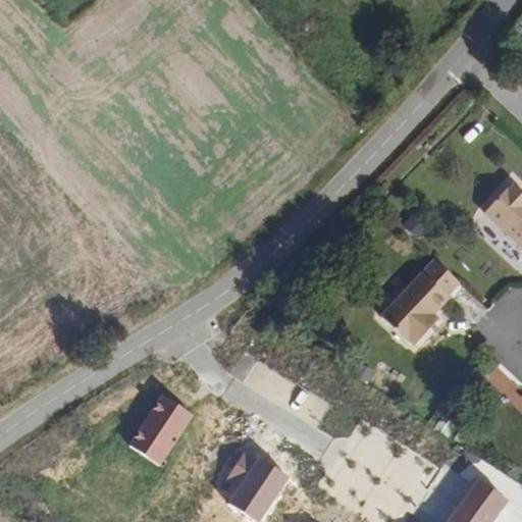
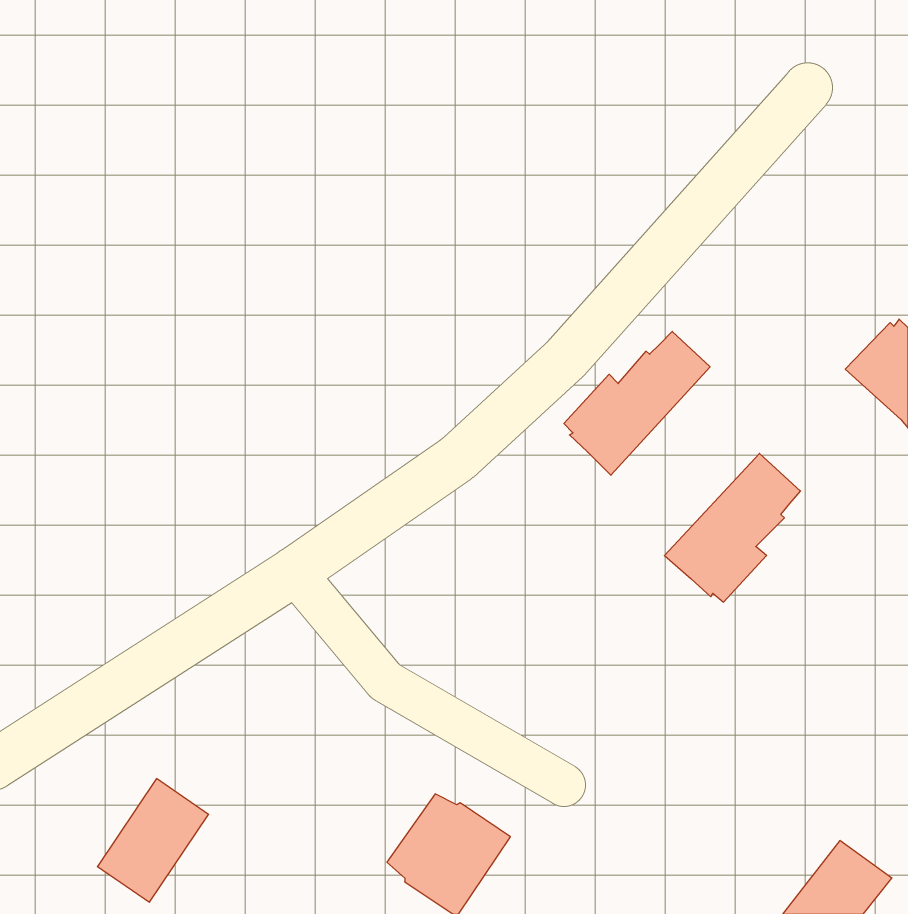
building: none -> [564,331,710,475]
building: [132,394,195,464] -> [97,779,209,902]

